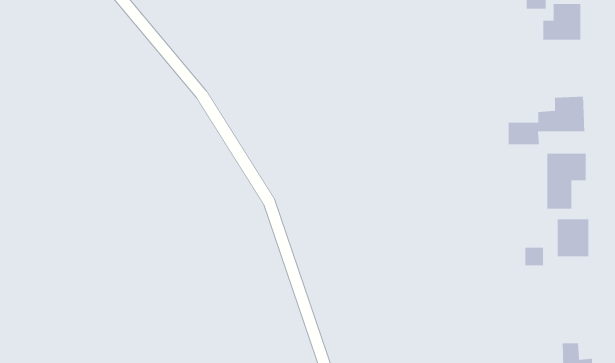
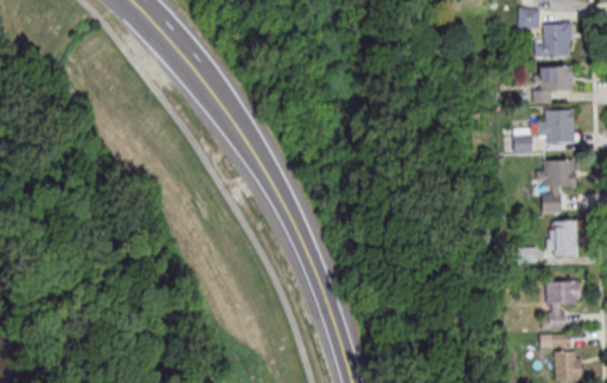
building: none -> [533,66,573,103]
building: none -> [545,281,580,328]

